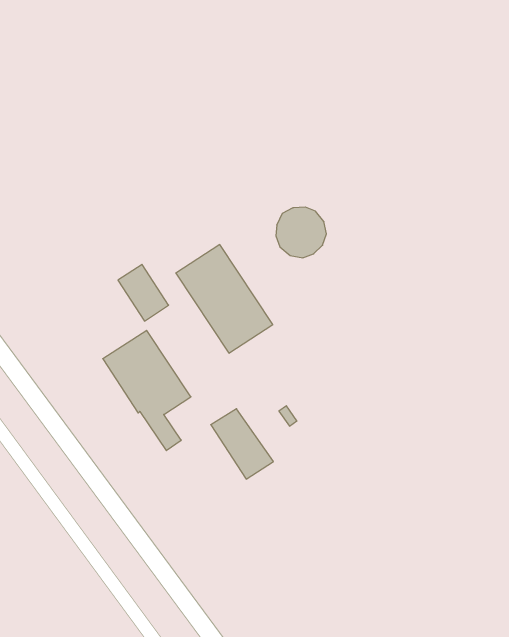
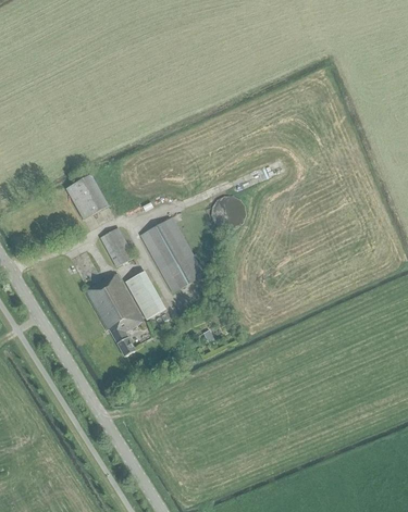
building: none -> [66,174,109,220]
building: [211,409,273,479] -> [125,271,166,320]

